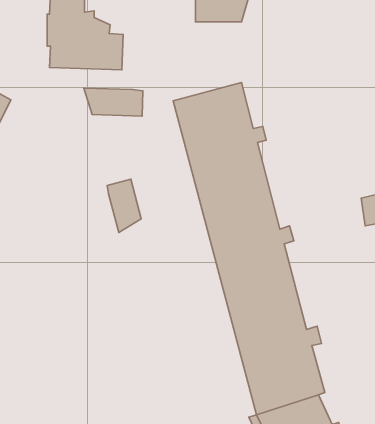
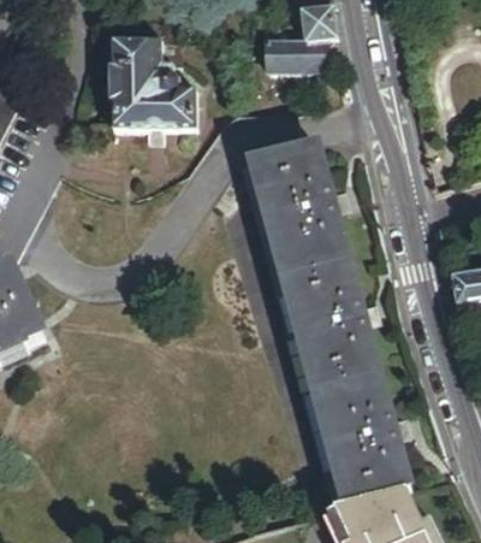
building: [84,88,143,116] -> none
building: [107,179,141,232] -> none

